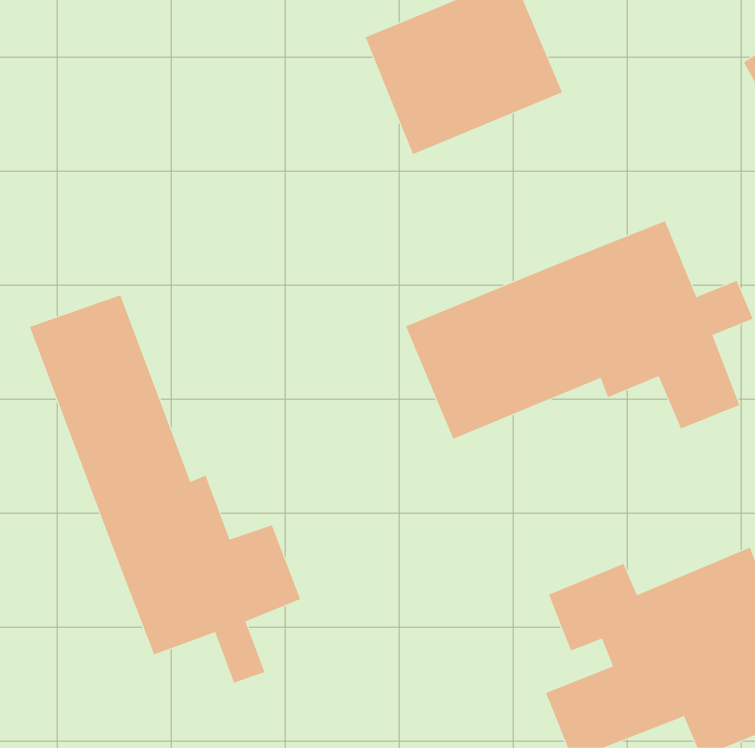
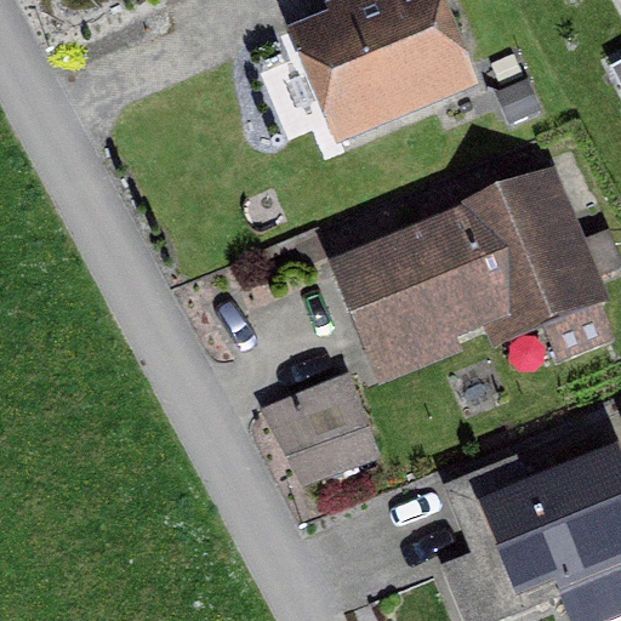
building: [29,295,301,684] -> none
building: none -> [263,375,375,478]

